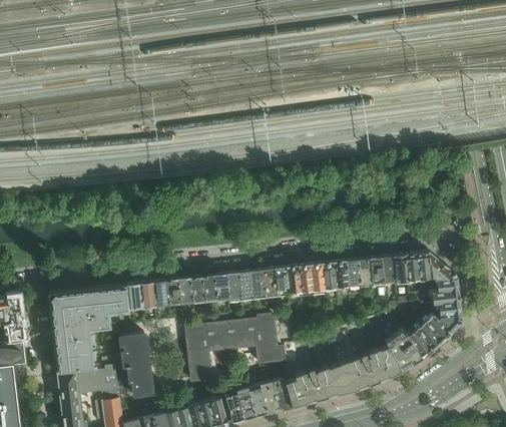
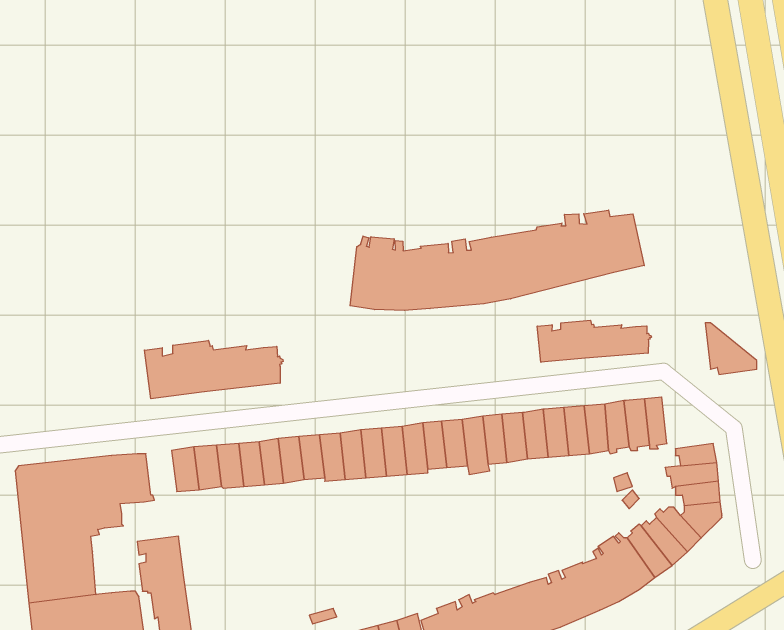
building: none -> [350,210,644,310]
building: none -> [537,320,651,362]
building: none -> [144,340,283,399]
building: [425,253,455,283] -> [705,323,757,374]
building: [124,284,142,310] -> none
building: [185,317,283,382] -> none

